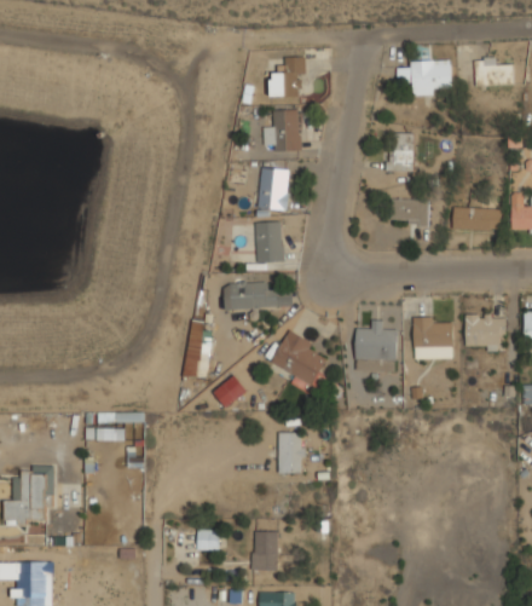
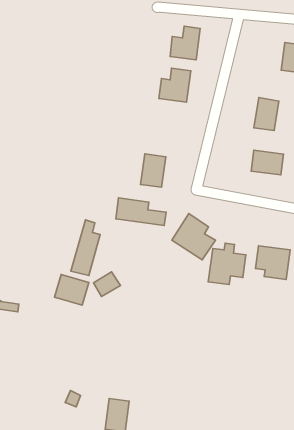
building: [259,167,288,209] -> none
building: [271,330,325,386] -> [172,213,215,260]
building: none -> [55,275,89,305]
building: [279,433,303,473] -> none

